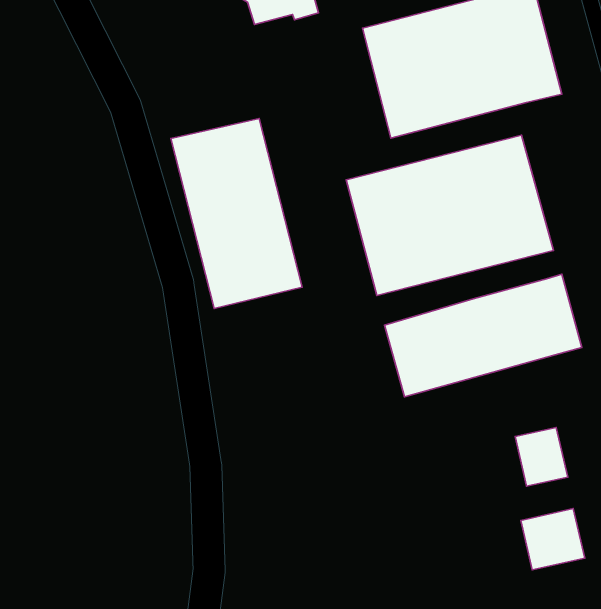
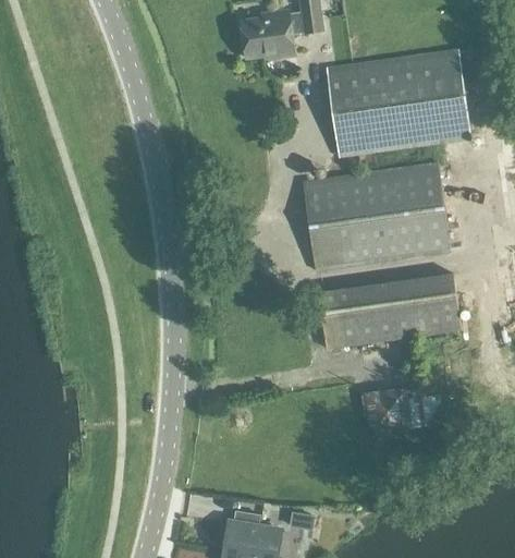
building: [171,119,302,309] -> none
building: [521,509,585,570] -> [366,389,410,432]

